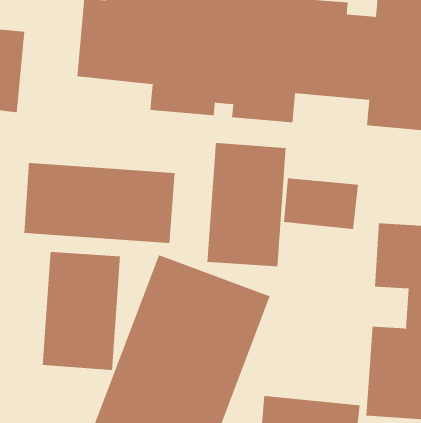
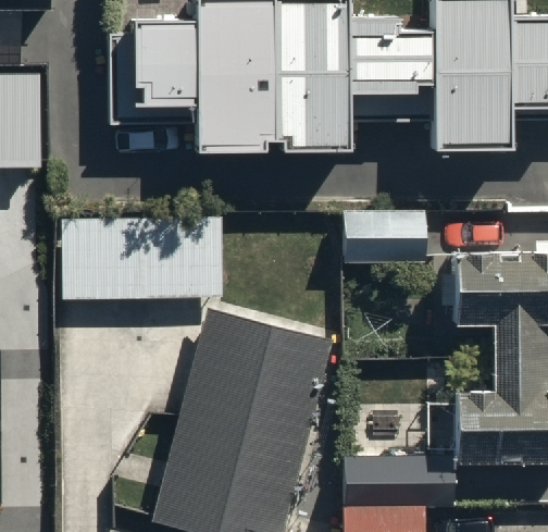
building: [207,142,286,267] -> none
building: [42,251,121,371] -> none

